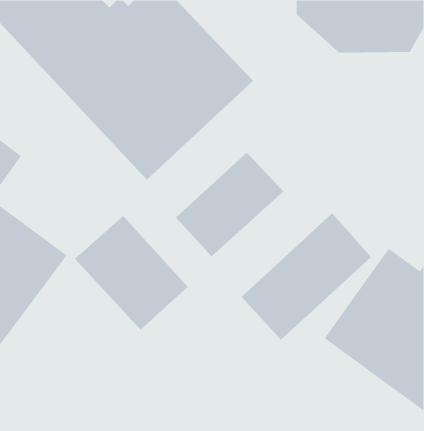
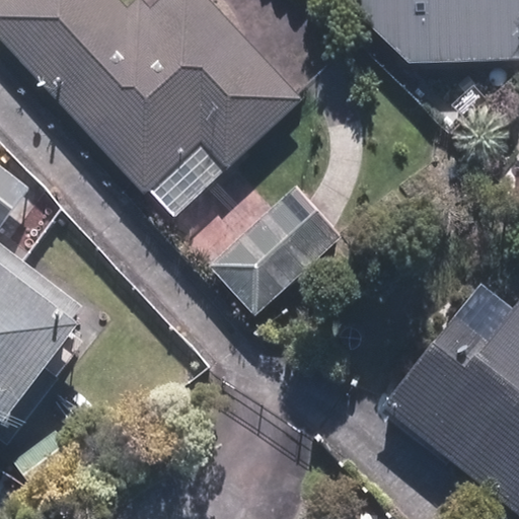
building: [241,213,372,340] -> none
building: [74,215,188,331] -> none

